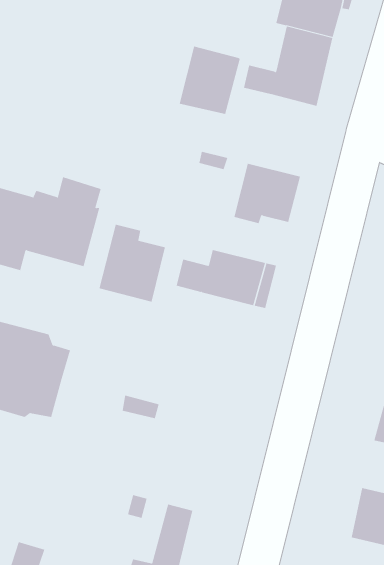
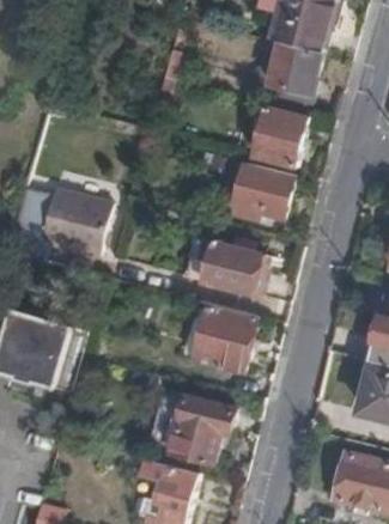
building: [179,46,241,114] -> [251,104,306,165]
building: [99,224,165,303] -> none
building: none -> [194,304,255,371]
building: none -> [169,396,232,462]

